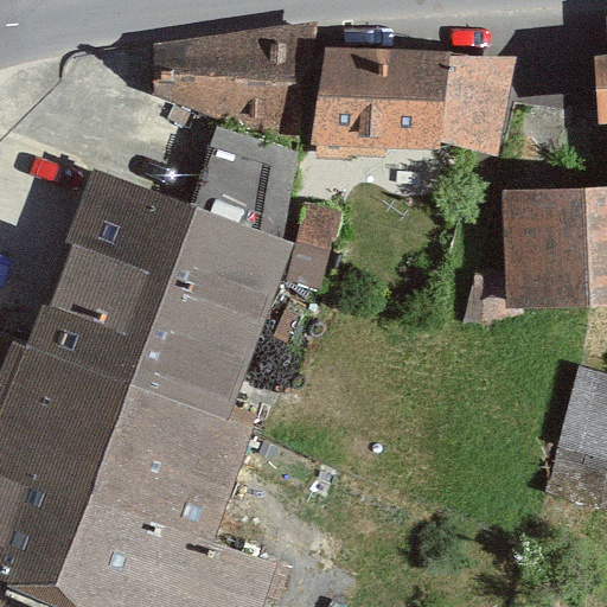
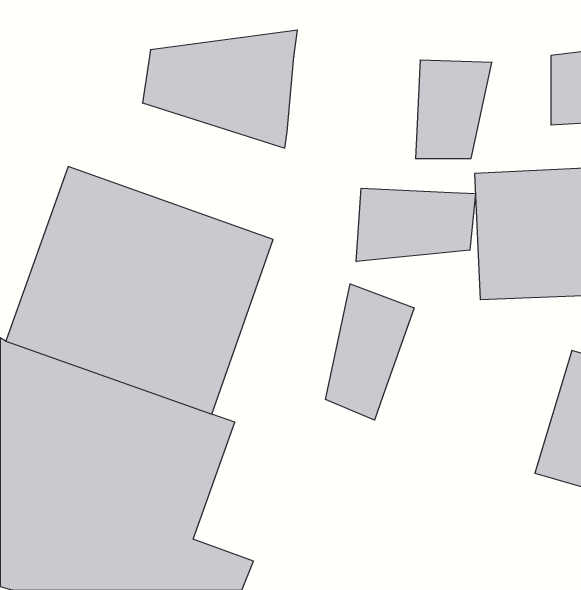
building: [305,58,441,141] -> none
building: none -> [356,188,475,262]
building: none -> [326,284,414,420]

